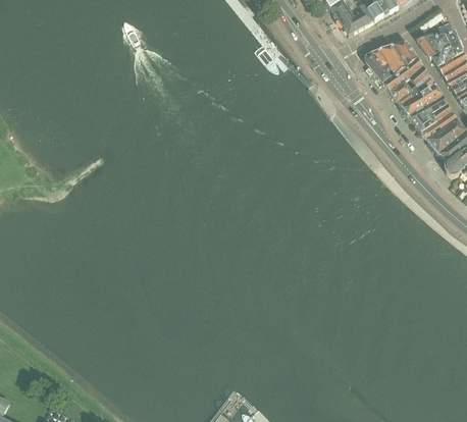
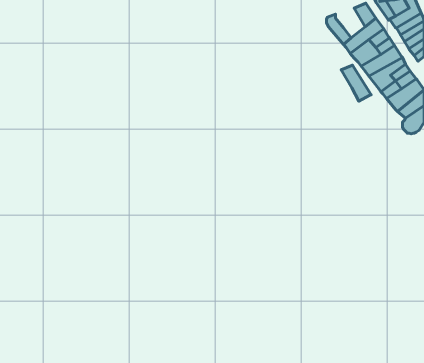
building: [374,45,405,75] -> none
building: none -> [341,65,371,101]

